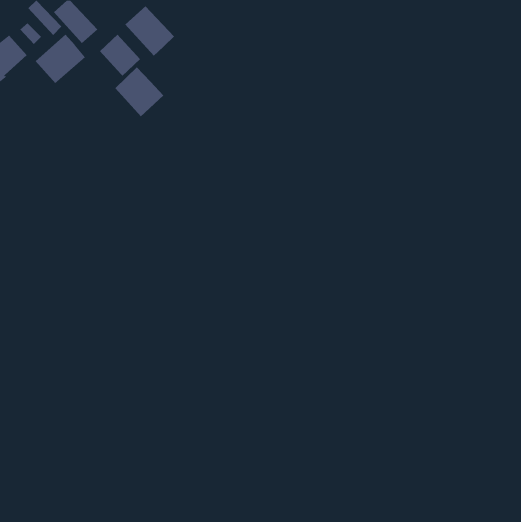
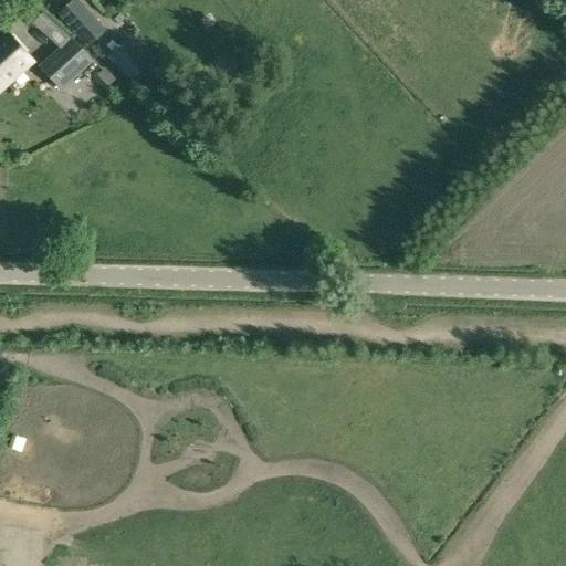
building: [125,6,175,56] -> none
building: [114,66,164,117] -> none

